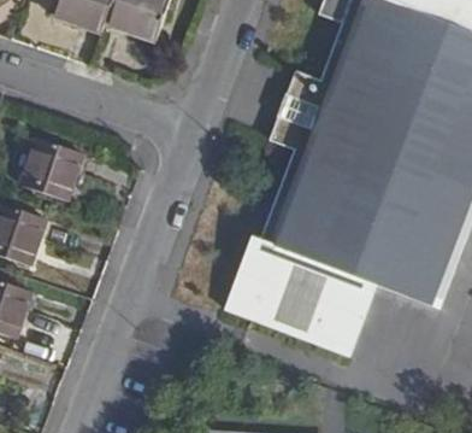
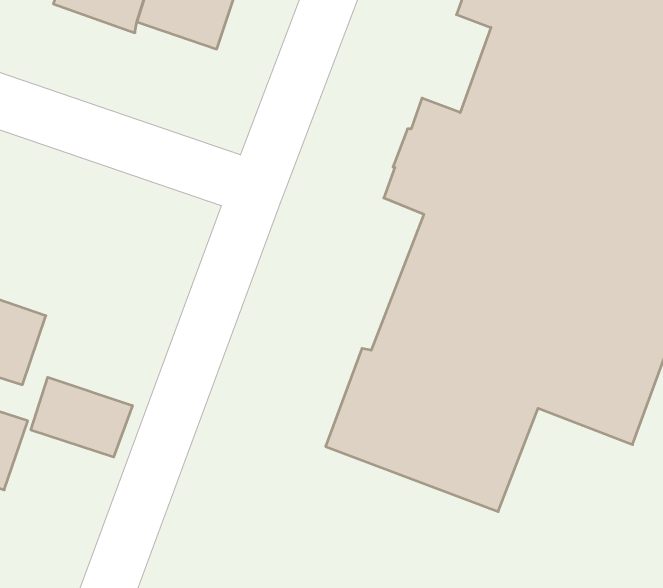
building: [24,137,87,201] -> none
building: none -> [31,377,132,457]

